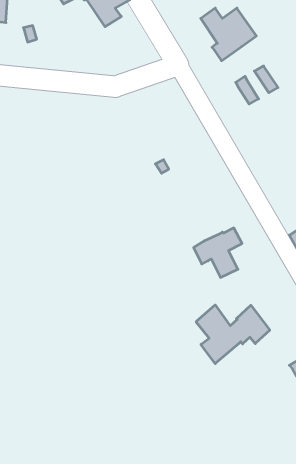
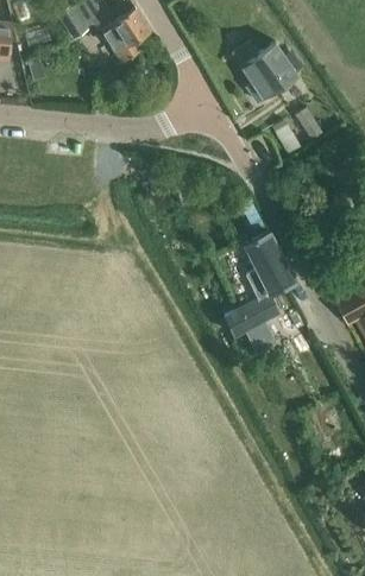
building: none -> [246,233,296,302]
building: [196,305,270,364] -> none

